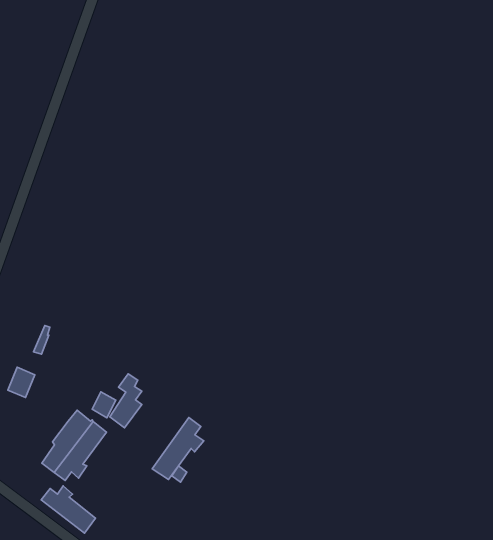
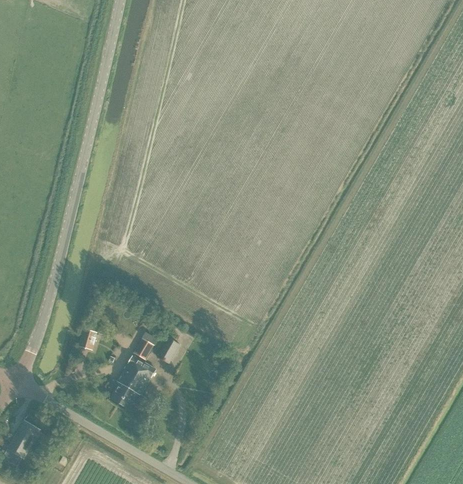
building: [152,418,204,480] -> none
building: [41,486,96,533] -> none

